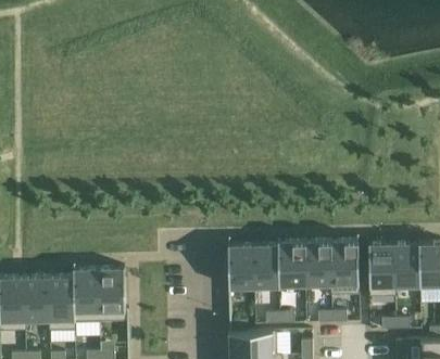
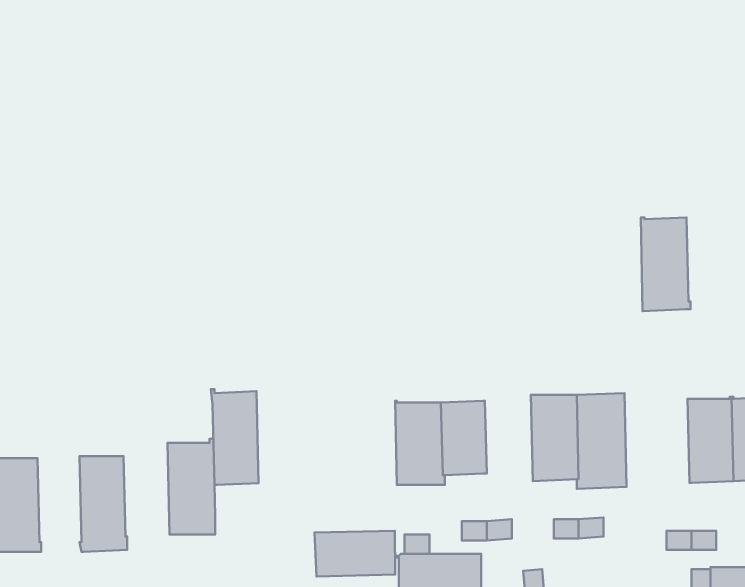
building: [277,241,305,290] -> none
building: [367,243,395,296] -> [641,217,690,311]
building: [72,267,99,321] -> [211,389,259,485]
building: [24,275,49,324] -> none
building: none -> [315,531,395,576]

